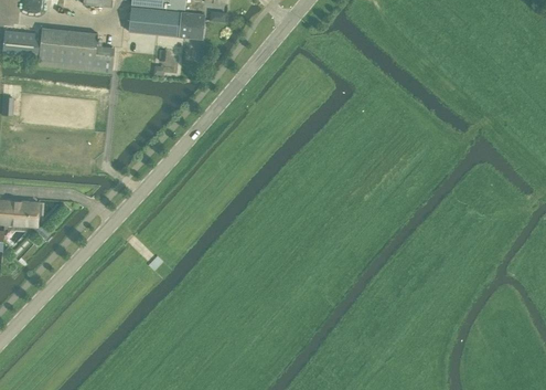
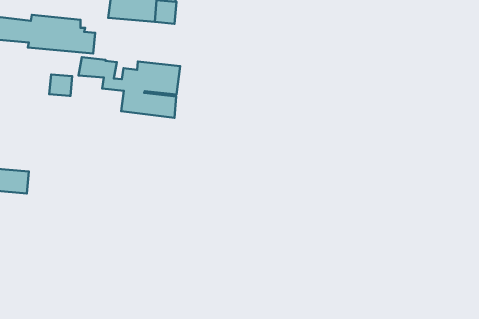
building: none -> [79,57,180,118]
building: none -> [49,74,72,96]

